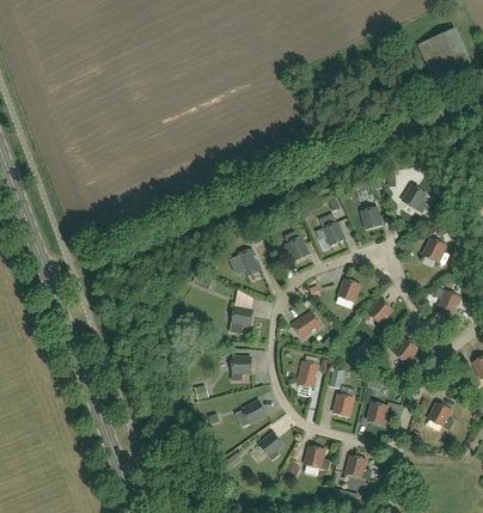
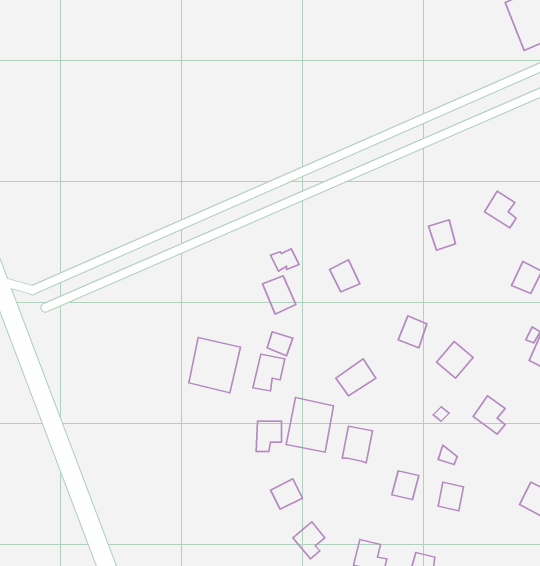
building: [317,213,346,246] -> none
building: none -> [189,337,240,393]
building: none -> [286,398,333,452]

